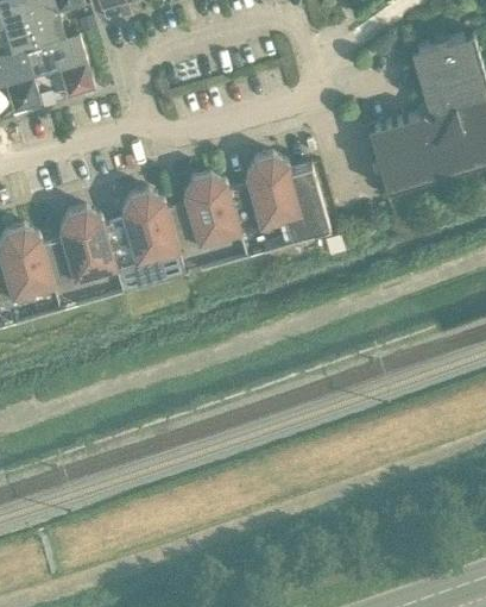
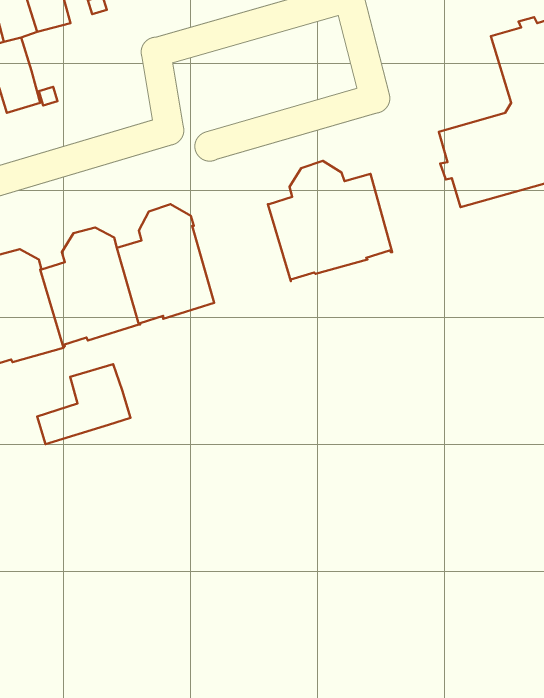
building: [24,35,94,98] -> none
building: [164,170,245,269] -> none
building: none -> [37,364,130,444]

